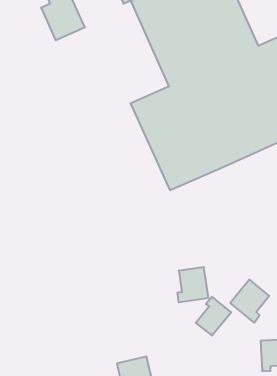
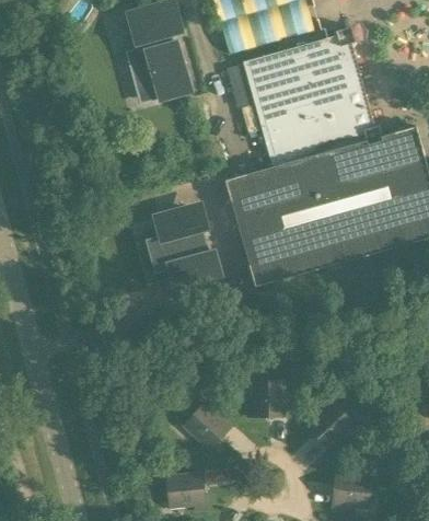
building: none -> [148,211,214,279]
building: none -> [183,403,230,453]
building: [196,297,231,336] -> none

